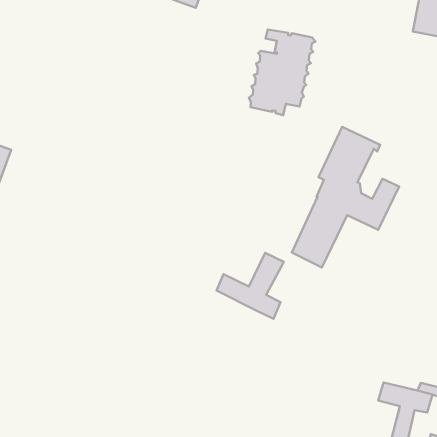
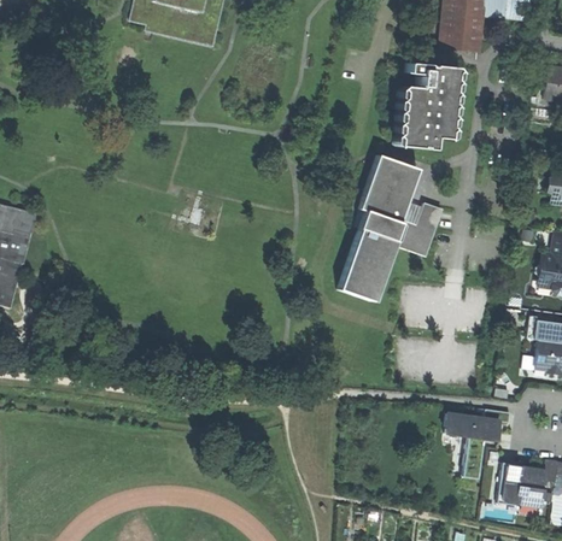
building: [249,29,315,115] -> [396,63,458,149]
building: [216,253,284,319] -> none

